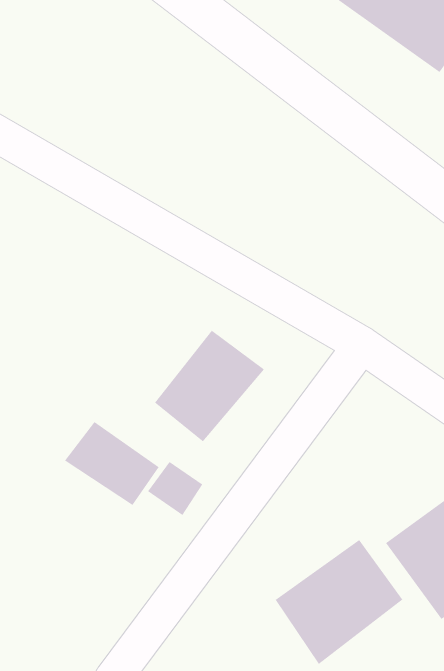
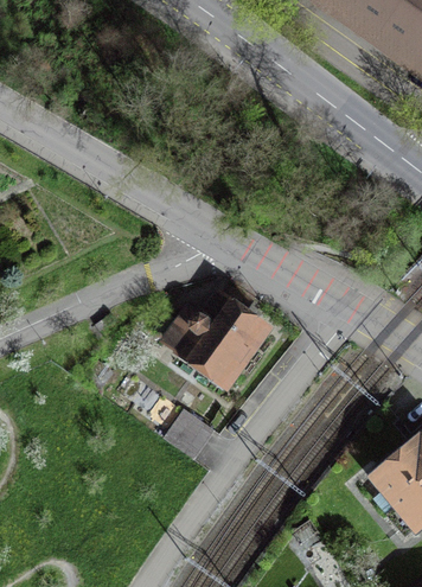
building: [64,421,159,506] -> none
building: [275,539,403,665] -> none

